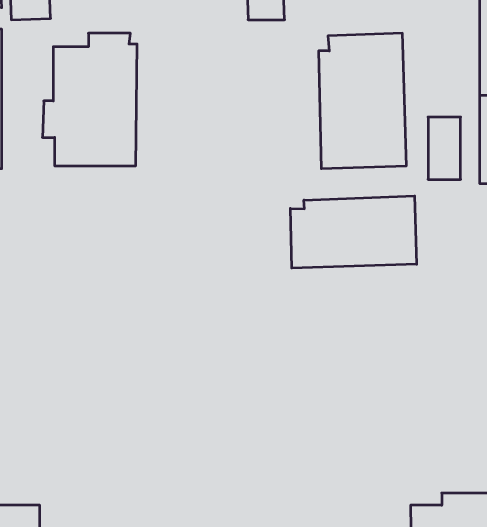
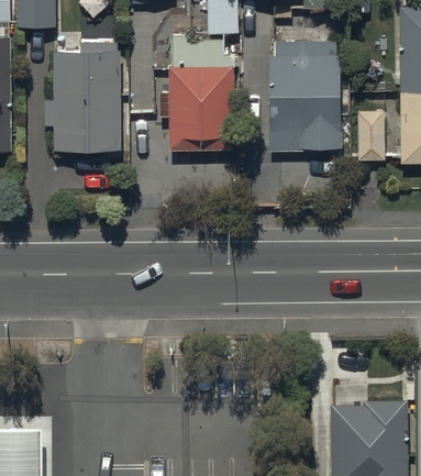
building: none -> [157,35,233,148]
building: [290,196,417,268] -> none

